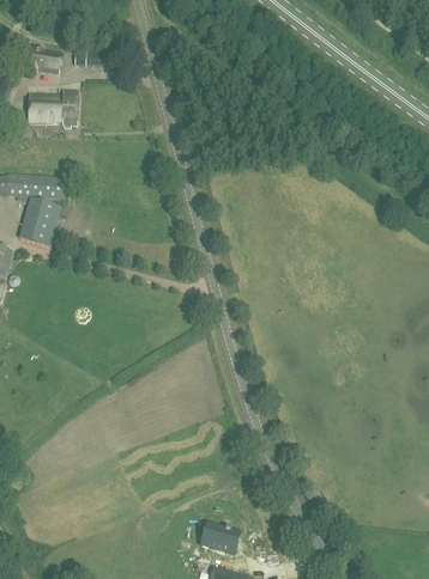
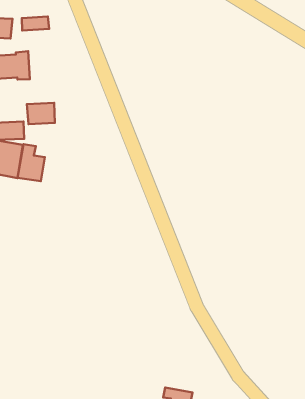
building: none -> [27,103,55,124]
building: none -> [18,144,45,181]

